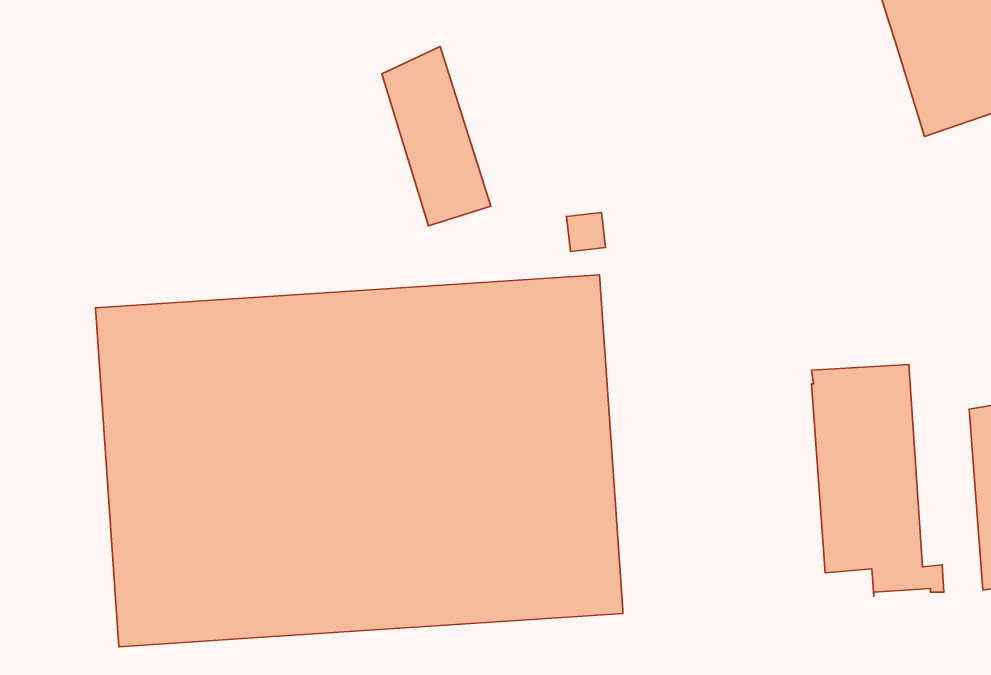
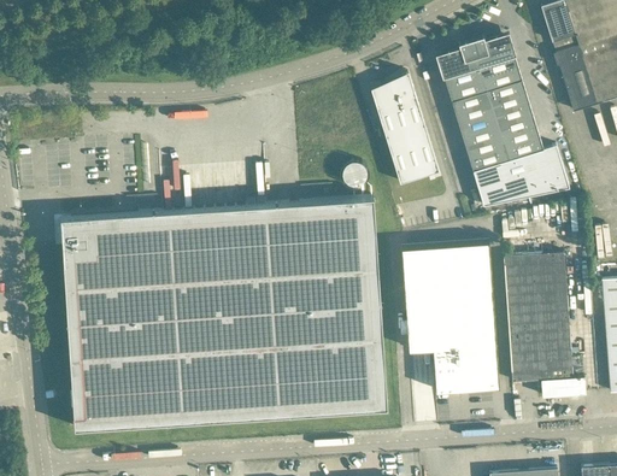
building: none -> [439,36,569,206]
building: [382,47,491,226] -> [371,72,439,183]
building: none -> [401,242,499,392]

